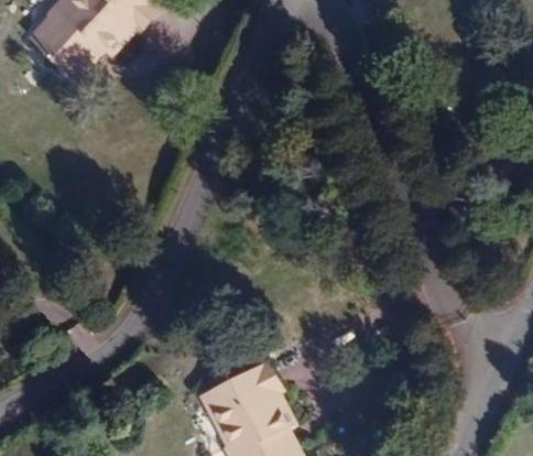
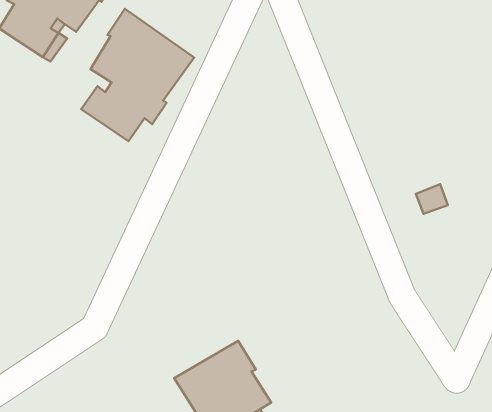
building: none -> [81,9,194,141]

